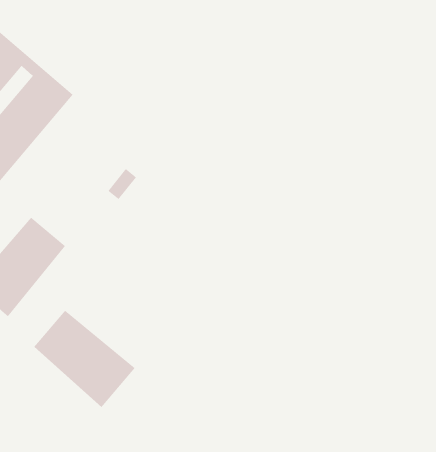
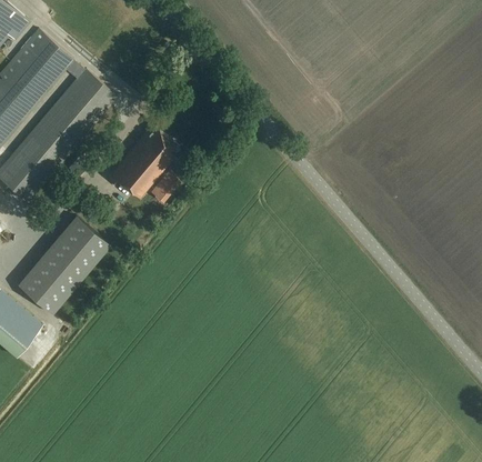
building: none -> [110,127,182,198]
building: [33,310,135,408] -> none

